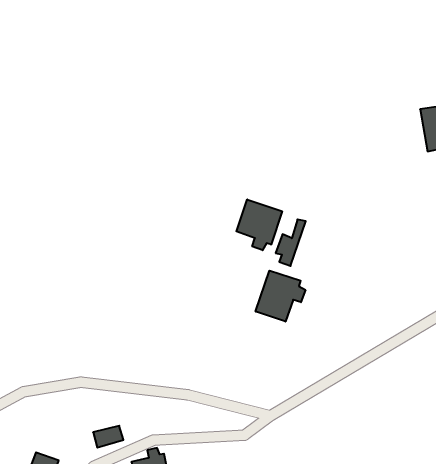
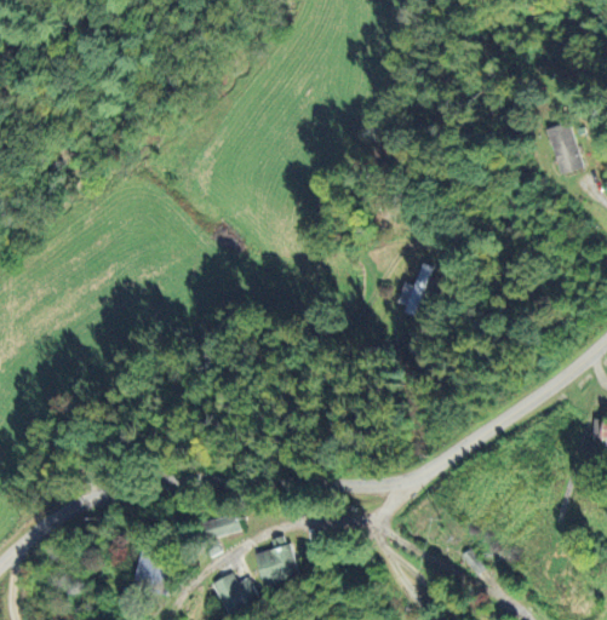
building: [236,199,282,250] -> none
building: [256,271,305,322] -> none

